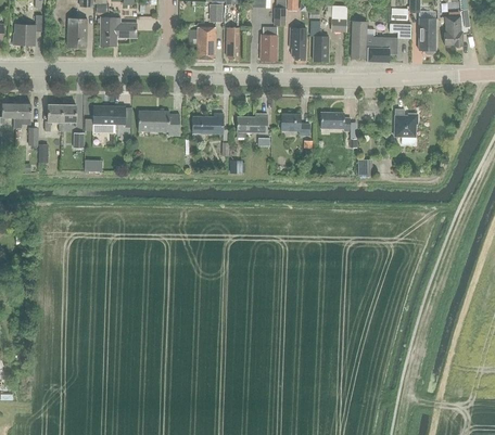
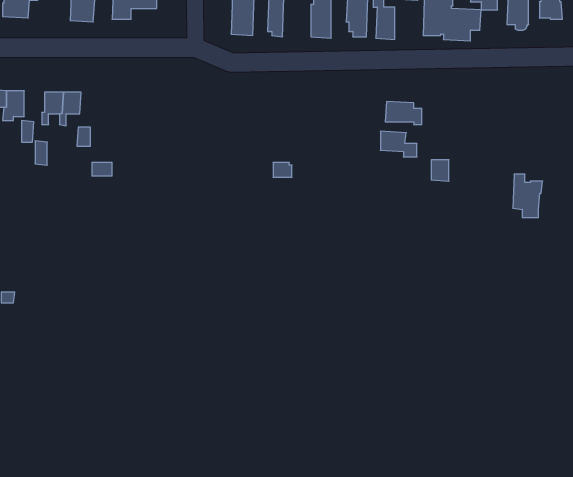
building: [92,104,125,132] -> none
building: [394,108,418,143] -> [513,174,543,218]
building: [138,111,179,135] -> none
building: [192,113,223,133] -> none
building: [237,114,267,137] -> none
building: [280,114,309,135] -> [380,131,417,157]

